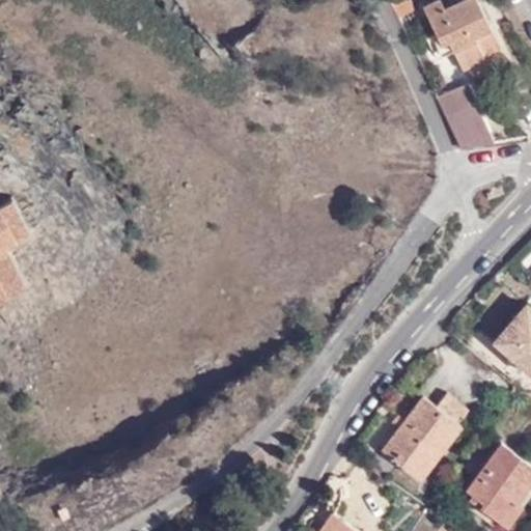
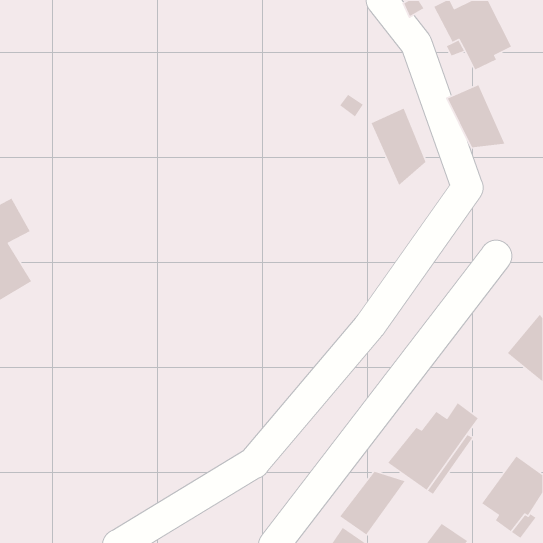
building: none -> [370,107,426,186]
building: none -> [339,471,406,535]

